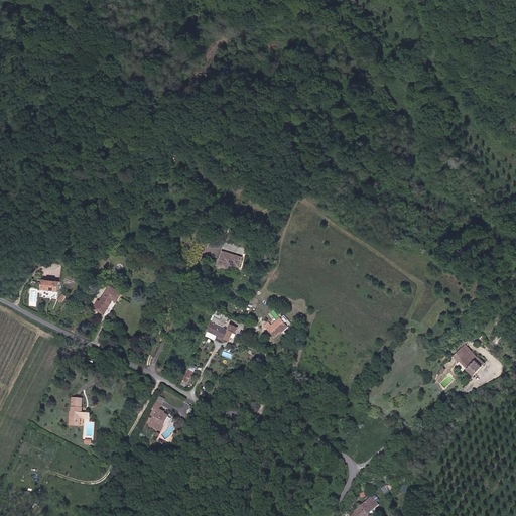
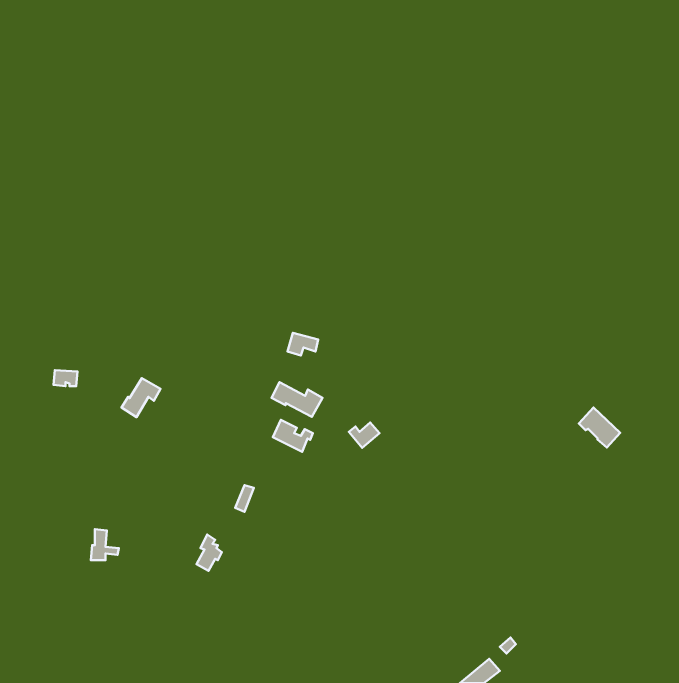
building: none -> [272,382,323,417]
building: [452,344,483,374] -> [579,407,620,447]

